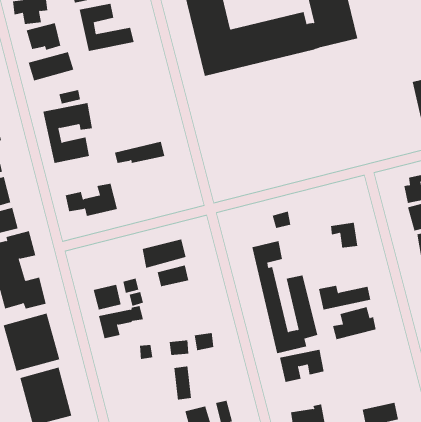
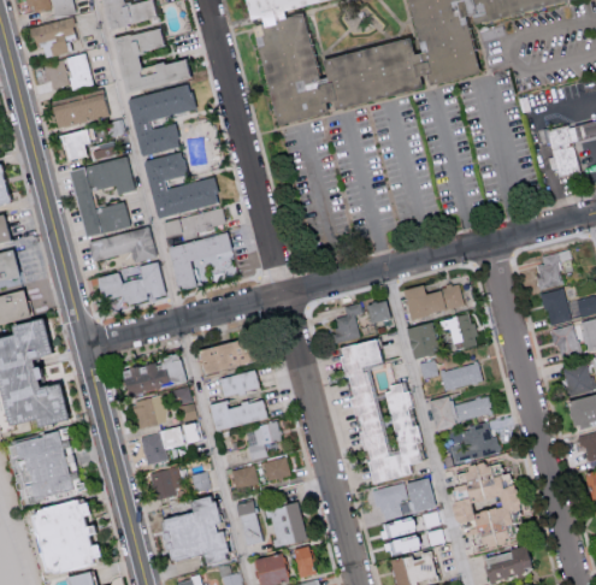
building: none -> [128,85,195,156]
building: none -> [61,130,89,161]
building: none -> [143,153,220,218]
building: none -> [88,226,158,264]
building: none -> [167,235,232,291]
building: none -> [403,284,465,317]
building: none -> [334,302,364,342]
building: none -> [408,323,438,356]
building: none -> [122,353,184,391]
building: none -> [442,362,484,389]
building: none -> [208,397,267,430]
building: none -> [247,421,282,460]
building: none -> [449,462,520,549]
building: none -> [151,466,183,500]
building: none -> [161,494,230,563]
building: none -> [269,501,307,545]
building: none -> [384,516,425,555]

